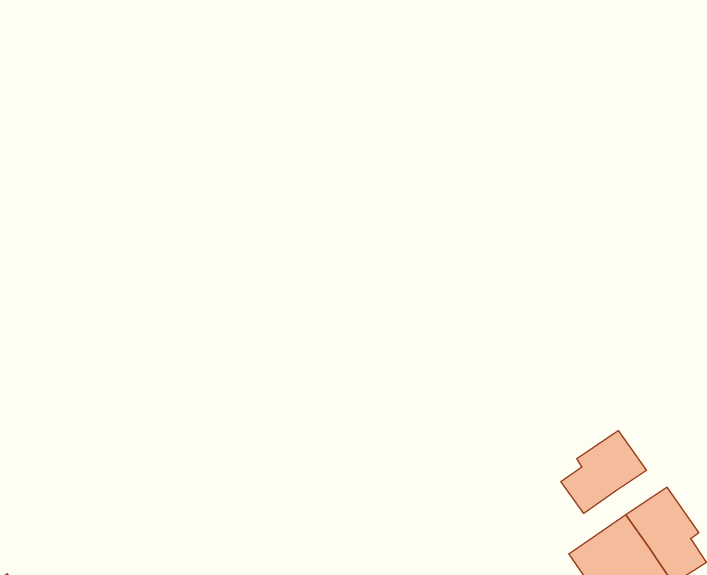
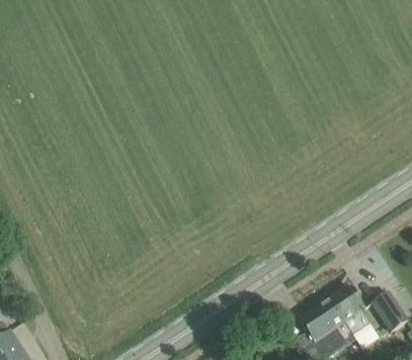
building: [561,431,646,513] -> none

